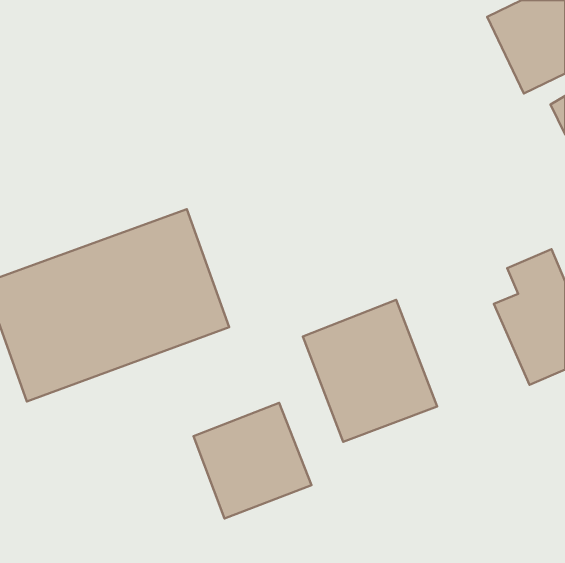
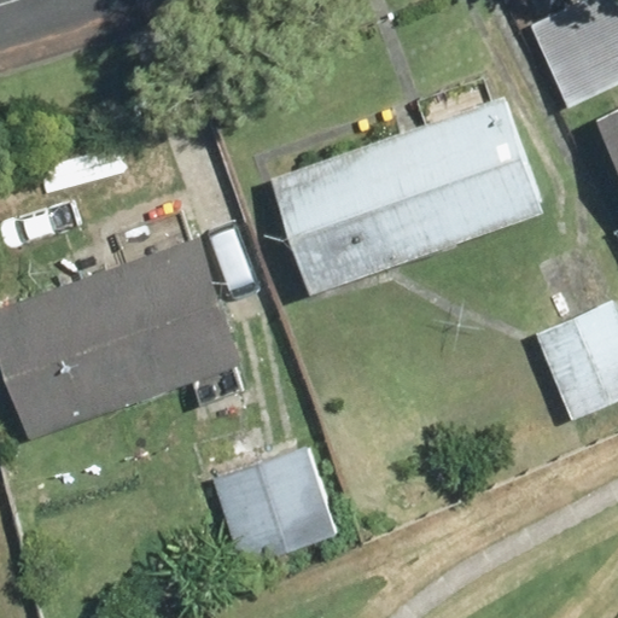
building: none -> [272,99,544,292]
building: [303,300,437,442] -> none

